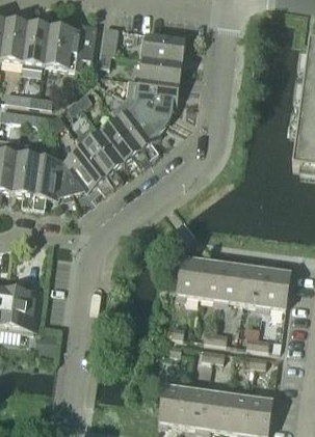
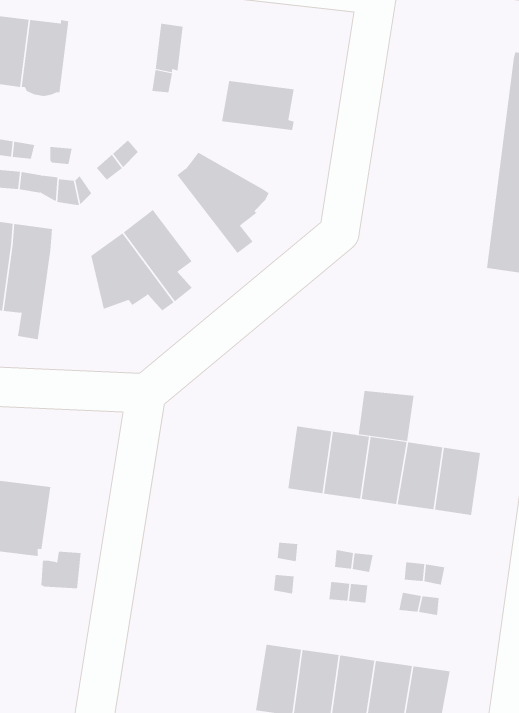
building: [46,20,97,67] -> none
building: [140,32,185,61] -> none
building: [126,79,181,121] -> none
building: [100,111,149,163] -> none
building: [33,155,71,208] -> none
building: none -> [358,390,414,442]

